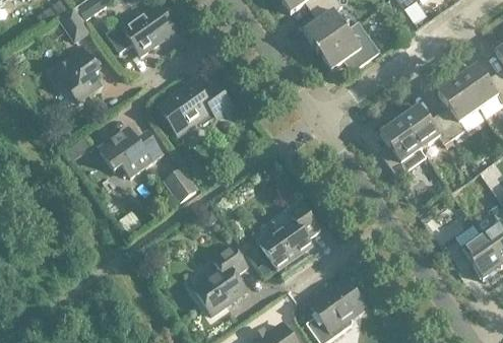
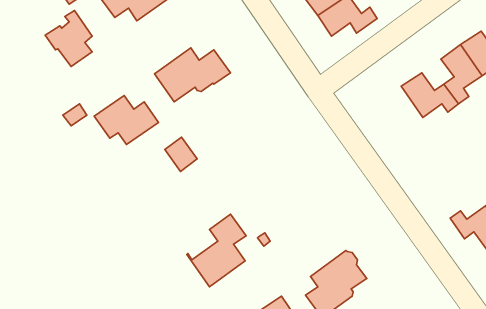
building: [380,119,421,178] -> none
building: [261,199,319,268] -> none

